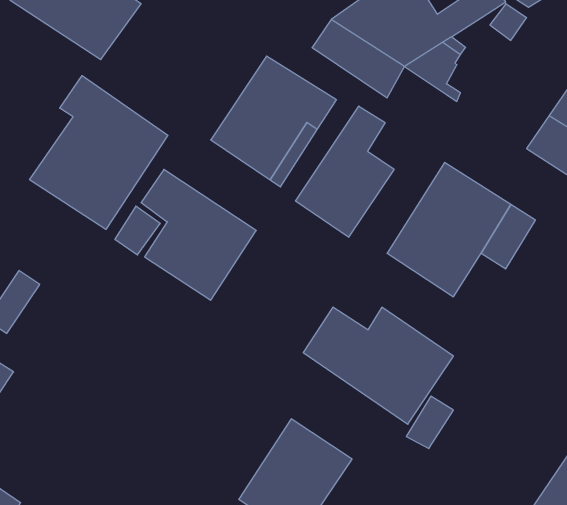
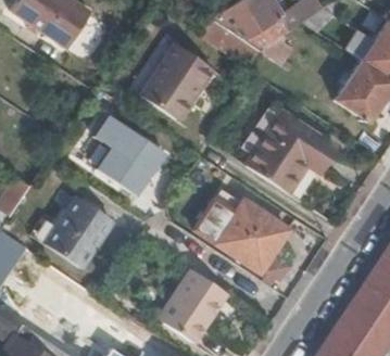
building: [30,76,168,229] -> none
building: [296,106,394,237] -> none
building: none -> [40,196,111,268]

